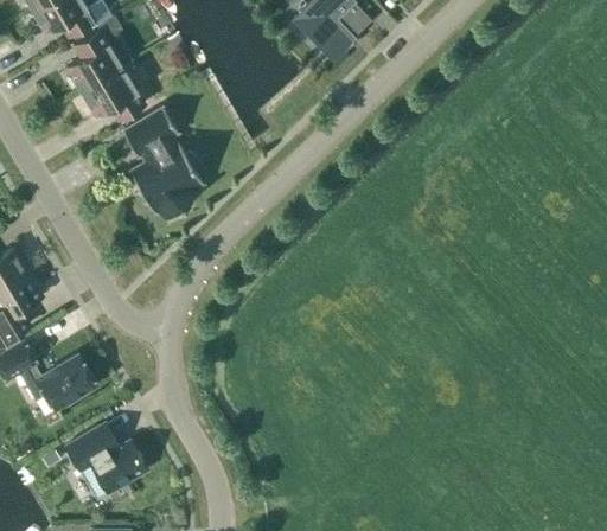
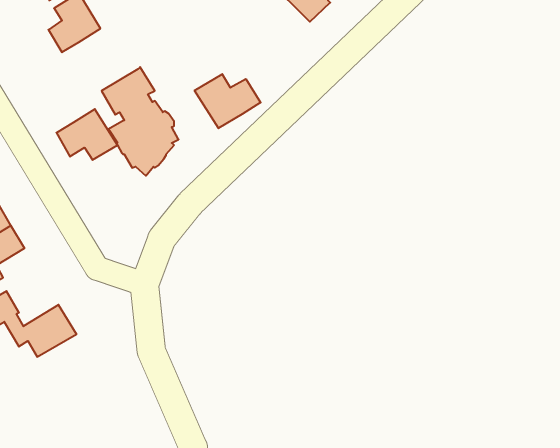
building: [81,65,145,119] -> [56,109,117,160]
building: none -> [195,74,261,128]
building: [69,426,146,492] -> none

